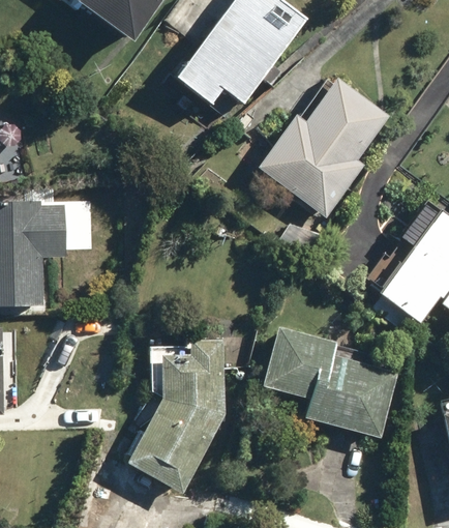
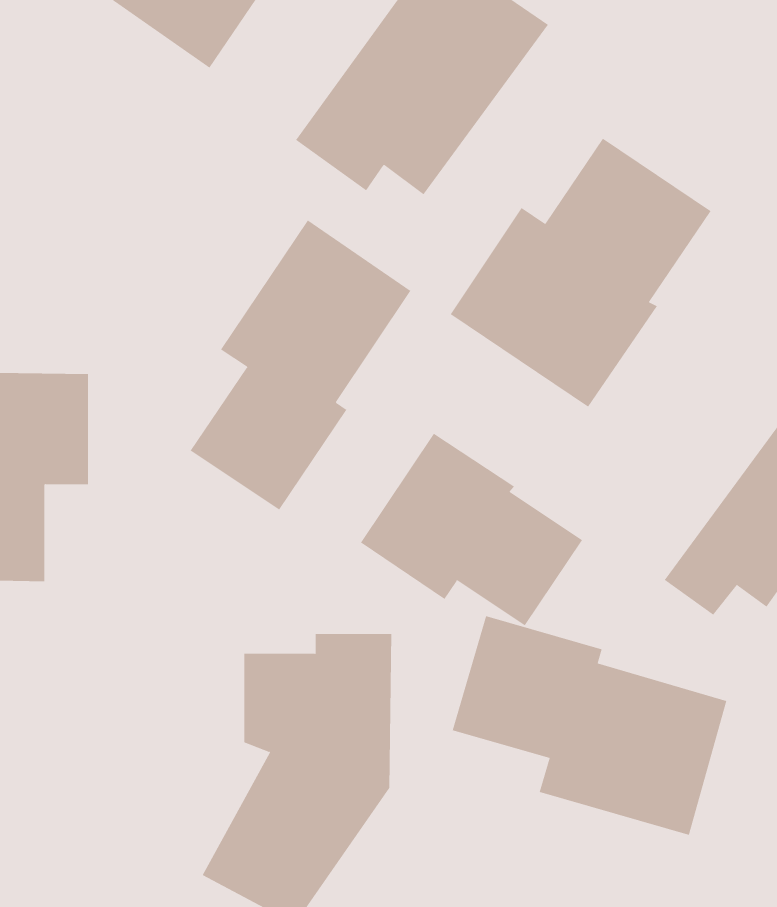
building: none -> [190,220,411,510]
building: none -> [360,433,583,626]

